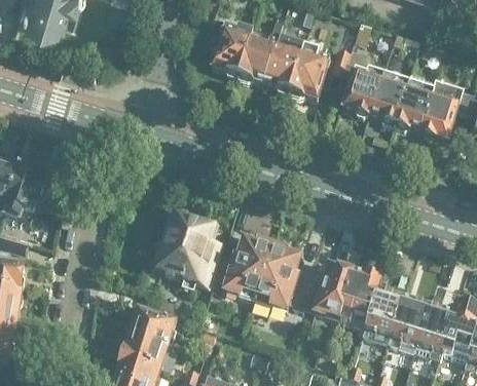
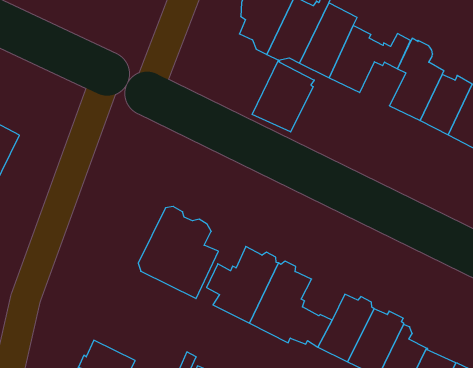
building: none -> [252,60,314,132]
building: [130,308,185,343] -> none

